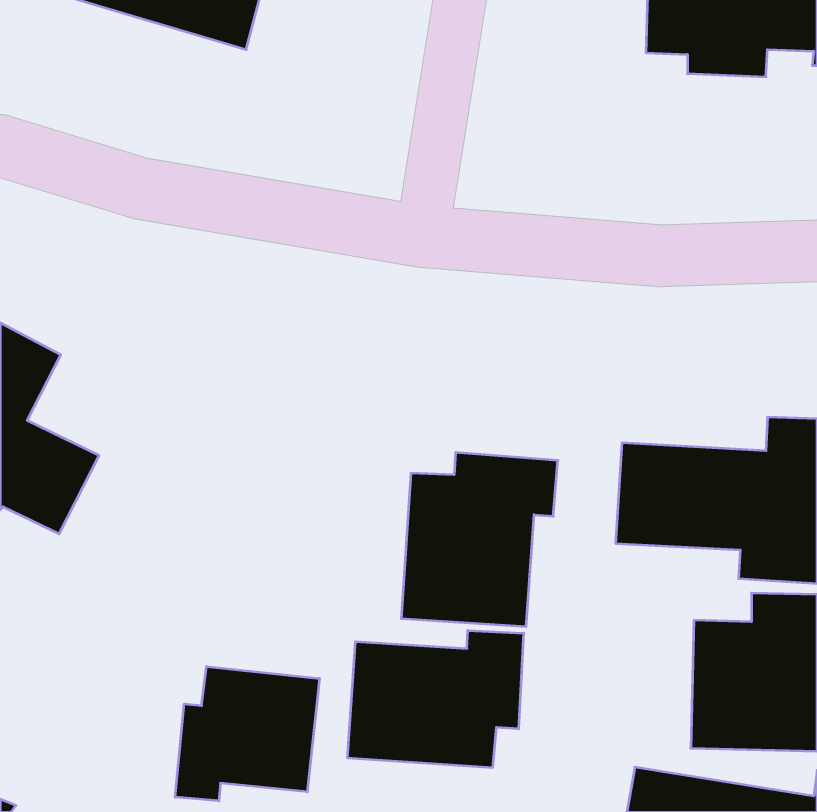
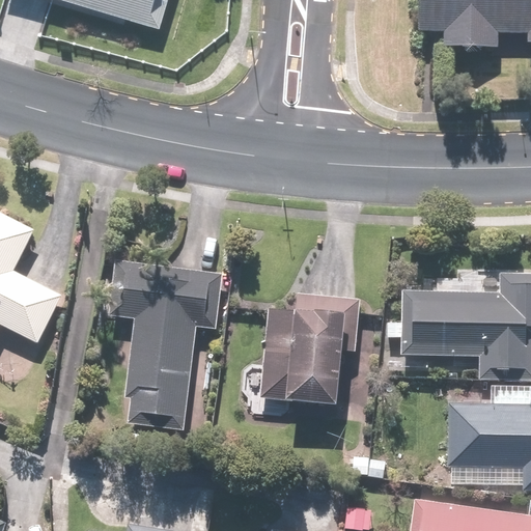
building: none -> [113,261,223,431]
building: [348,630,524,768] -> none
building: [175,666,319,801] -> none

